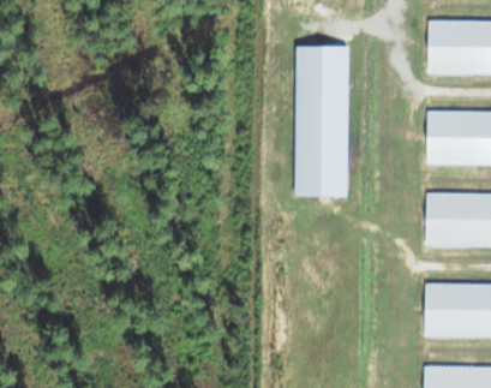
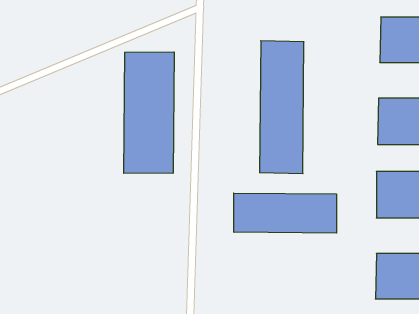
building: none -> [124,52,174,173]
building: none -> [234,193,337,233]

